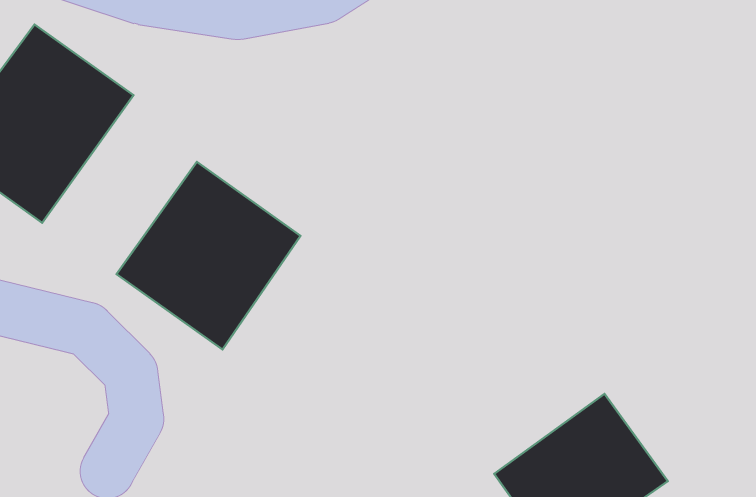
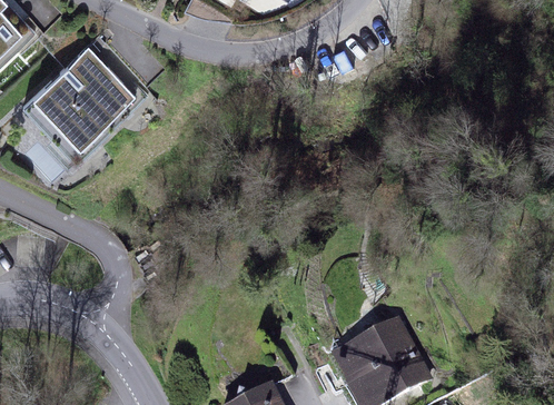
building: [117,162,301,350] -> none

